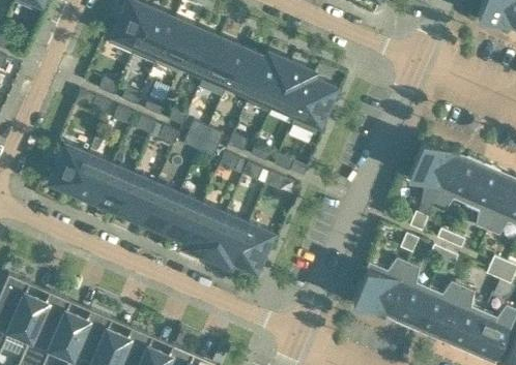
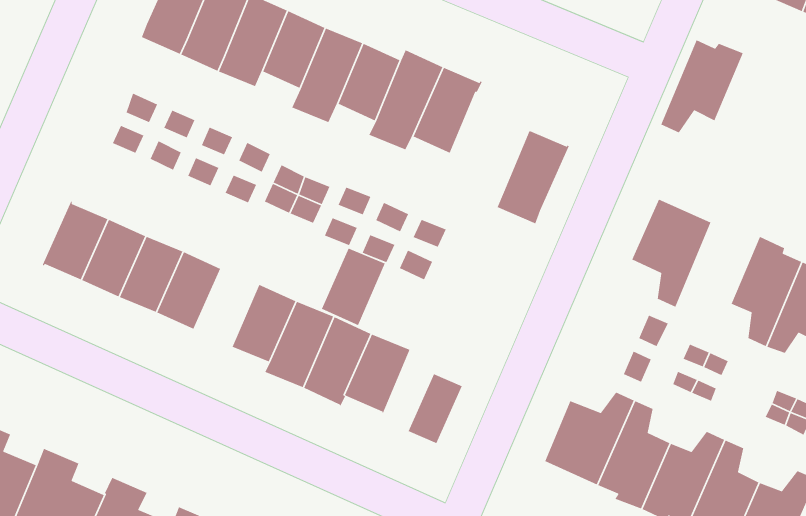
building: [293,77,338,133] -> [496,130,570,224]
building: [434,155,485,212] -> [660,39,744,133]
building: [142,183,181,231] -> [321,248,386,326]
building: none -> [407,373,463,444]

